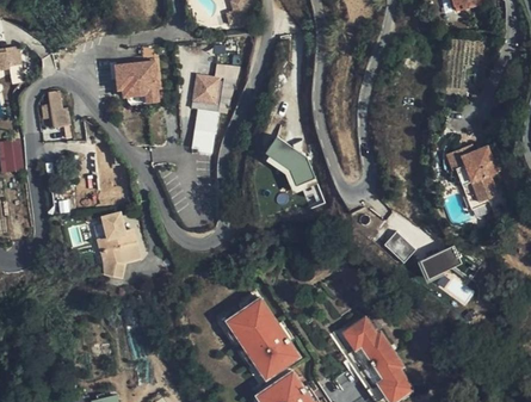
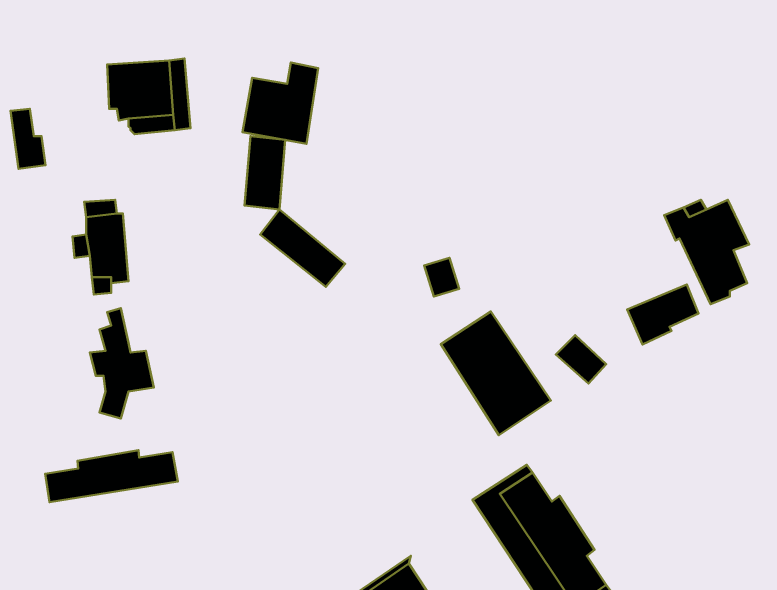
building: [264,136,316,184] -> [260,210,345,287]
building: [416,246,461,283] -> [627,284,699,344]
building: [230,301,298,377] -> [441,311,551,435]
building: none -> [45,450,178,502]

